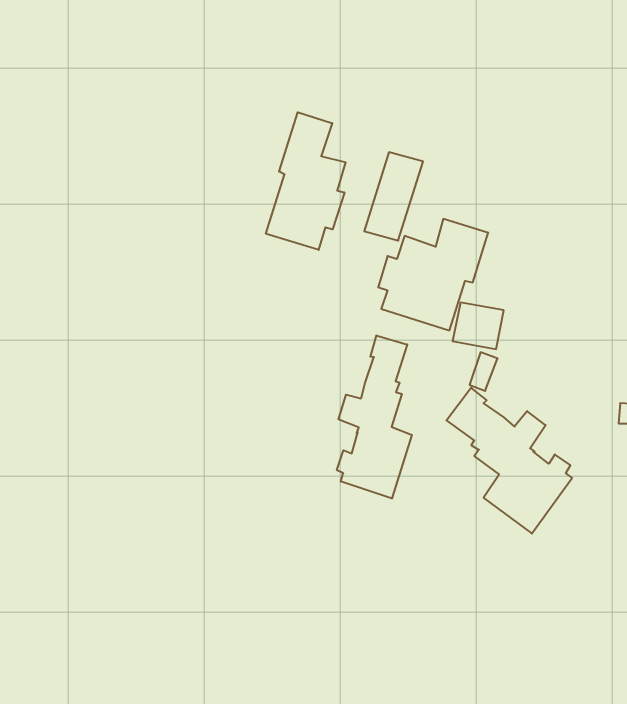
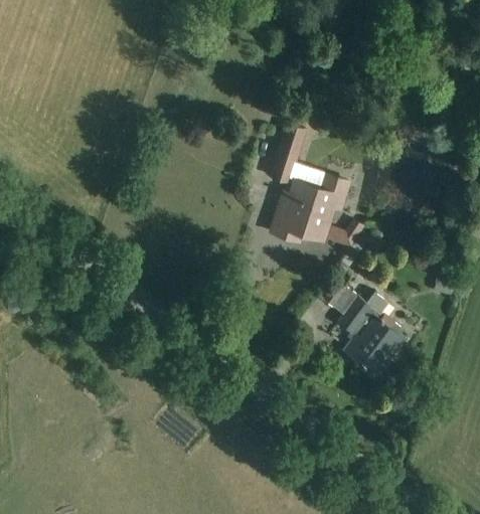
building: [266,112,346,250] -> none
building: [337,335,412,499] -> none

